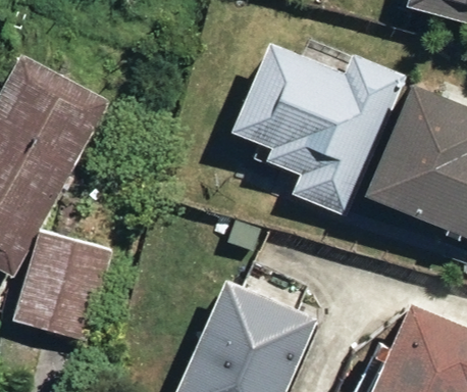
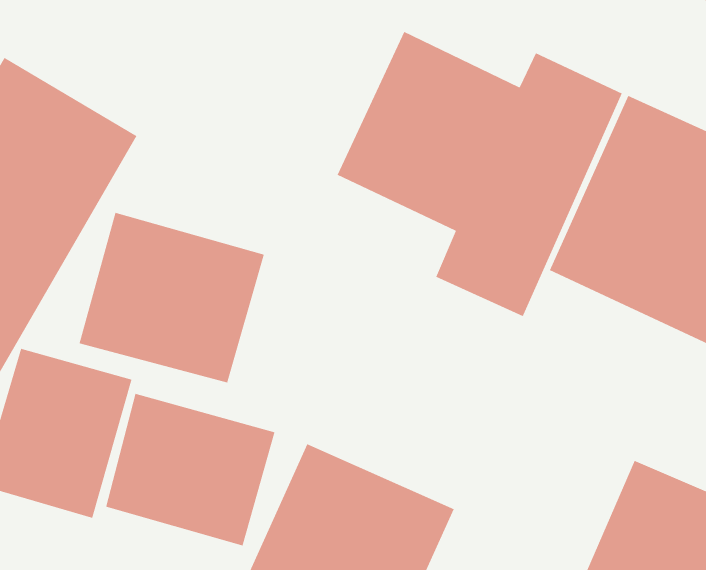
building: none -> [78,212,265,383]
building: none -> [105,393,276,546]

